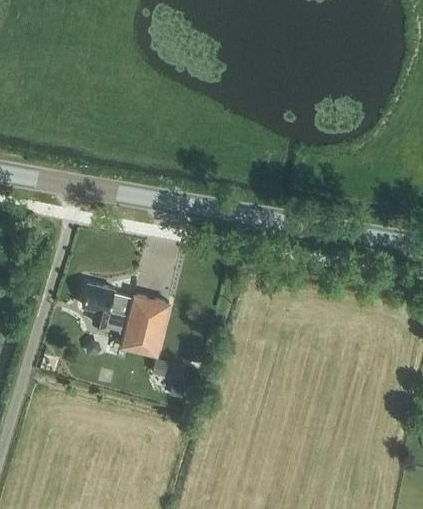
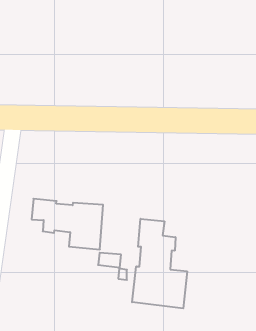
building: none -> [132,219,187,308]

